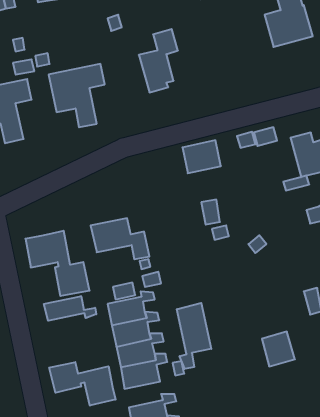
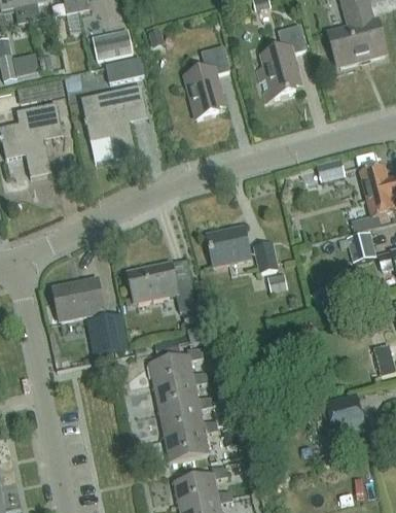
building: none -> [258,24,307,99]
building: none -> [94,31,133,58]
building: none -> [105,59,144,83]
building: [182,140,221,173] -> [208,227,252,265]
building: none -> [347,230,372,260]
building: [44,296,96,321] -> none
building: [177,303,211,369] -> none
building: [49,362,116,406] -> none

